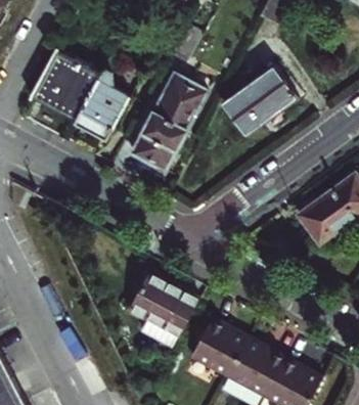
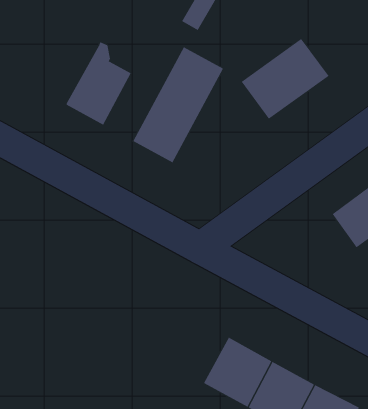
building: [30,48,102,121] -> none
building: [131,272,199,347] -> none

